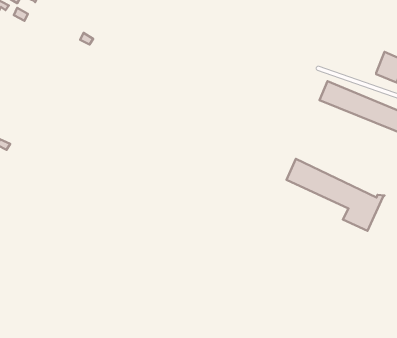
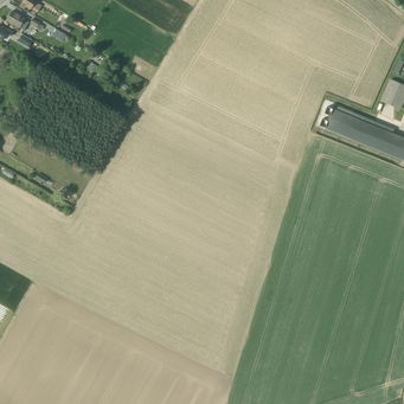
building: [287,159,384,231] -> none

